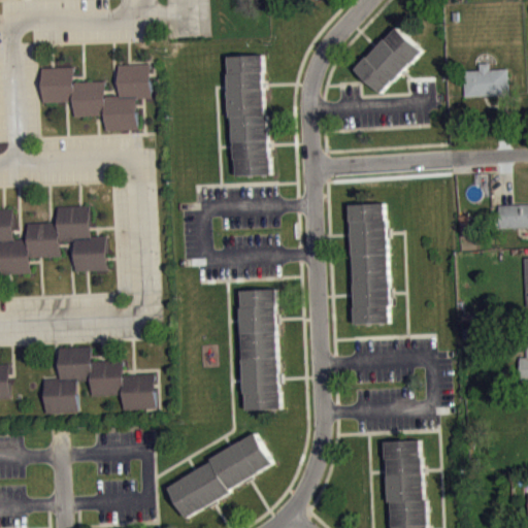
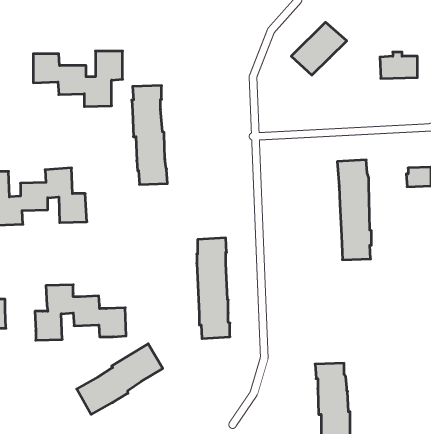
building: [225,57,268,176] -> [132,86,167,184]
building: [346,203,388,324] -> [337,160,371,260]
building: [166,433,270,519] -> [77,344,163,414]

